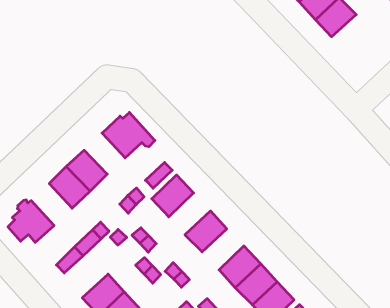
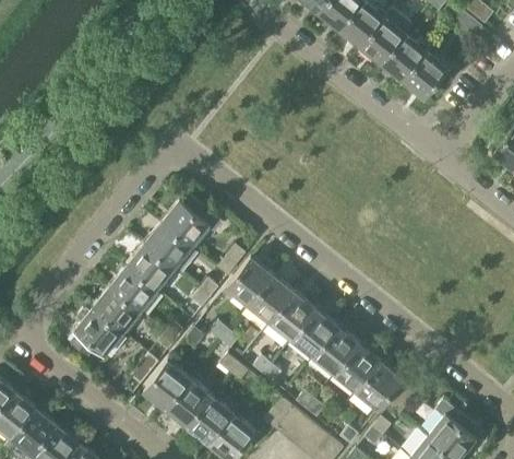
building: none -> [403,51,449,97]
building: none -> [144,223,191,268]
building: none -> [93,287,140,333]
building: none -> [249,275,295,323]
building: none -> [291,310,337,357]
building: none -> [143,362,190,410]

